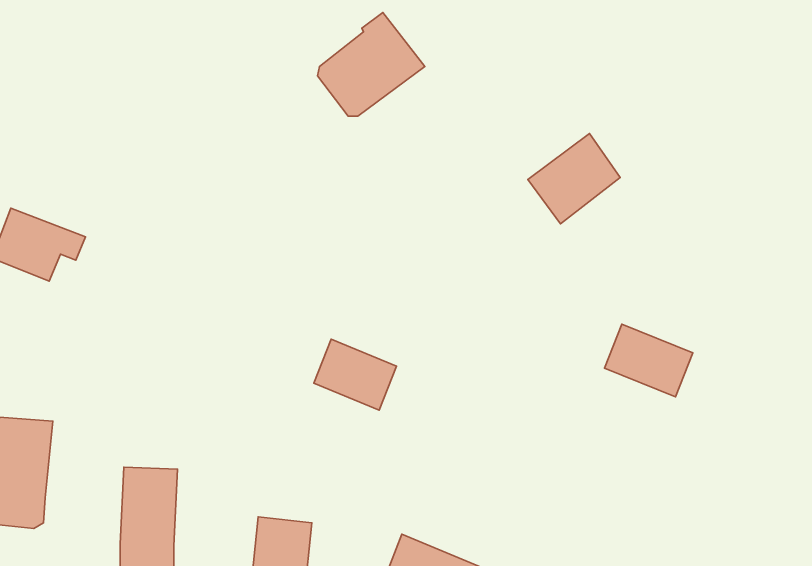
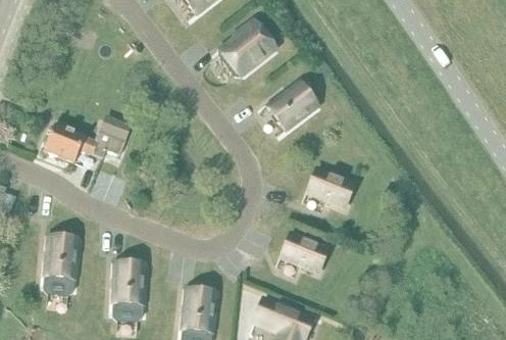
building: [528,134,620,224] -> [268,81,317,129]
building: none -> [91,114,133,157]
building: [605,324,693,397] -> [308,167,355,206]
building: [314,339,396,410] -> [282,232,325,270]

